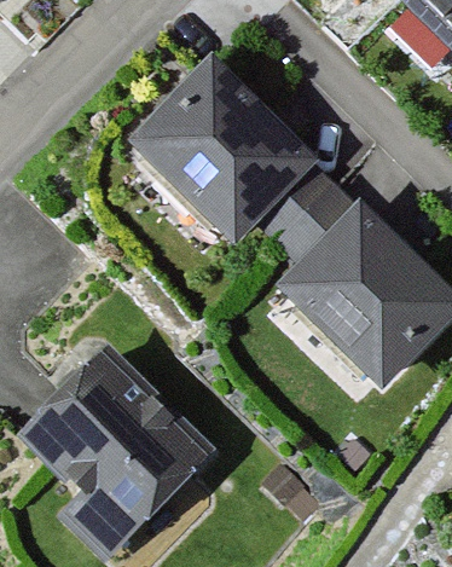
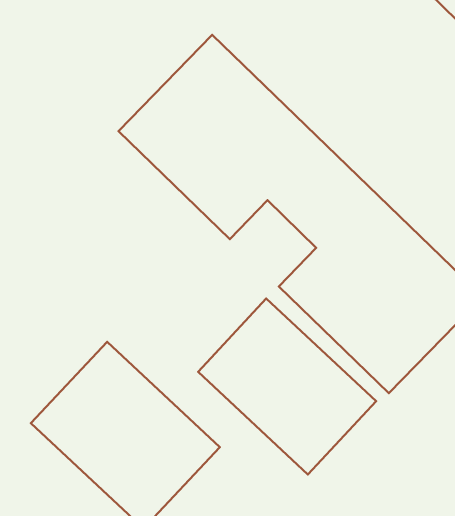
building: none -> [198,299,376,475]

